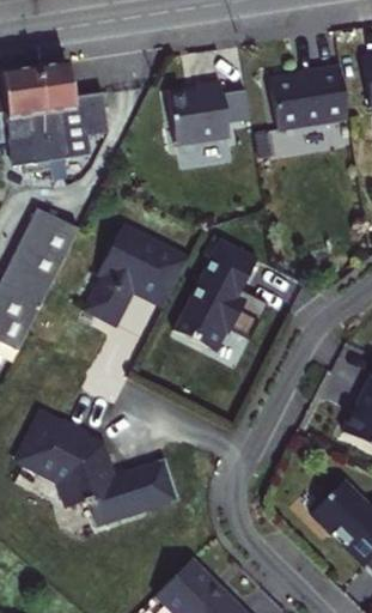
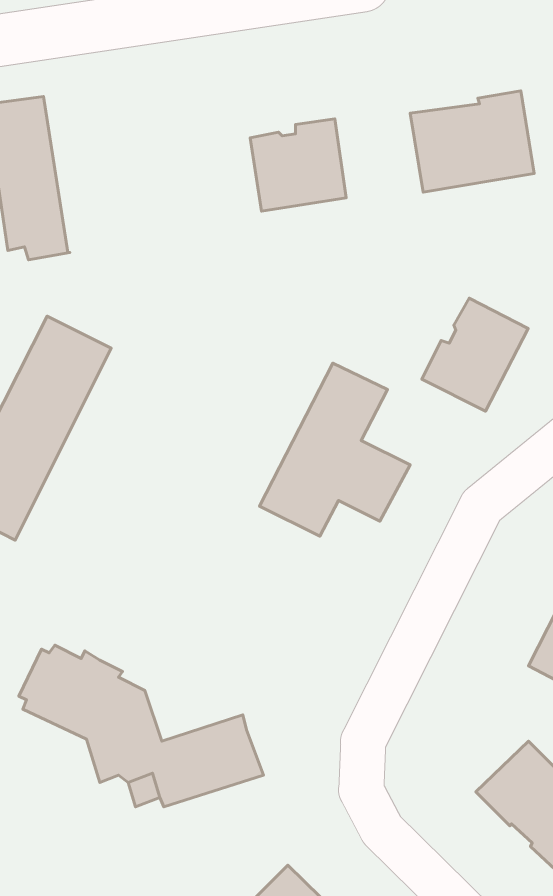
building: [37,65,111,180] -> none
building: none -> [422,298,528,411]
building: [89,230,190,323] -> none

